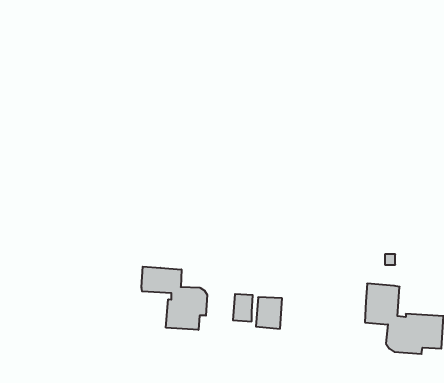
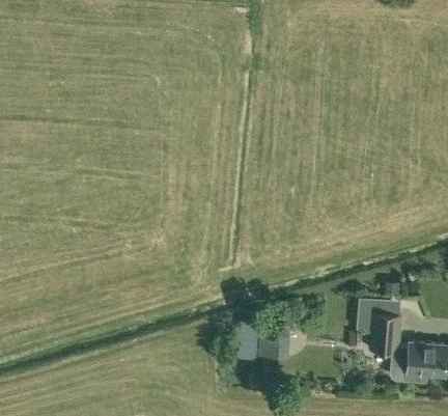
building: [142,267,207,330] -> none

